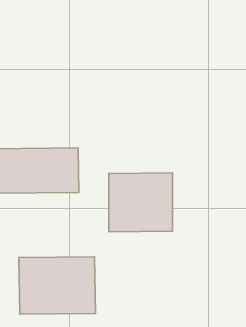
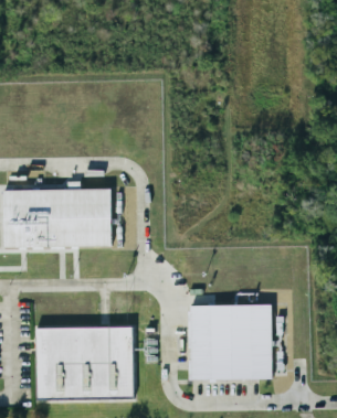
building: [109,173,172,232] -> [192,303,273,378]

